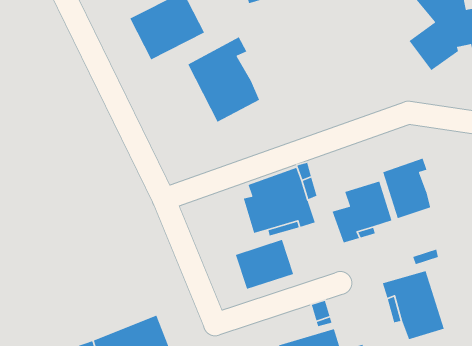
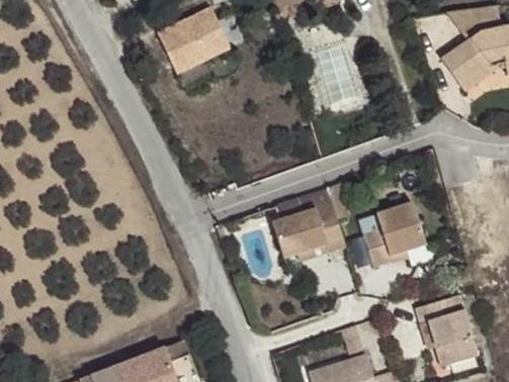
building: [187,36,260,123] -> none
building: [382,158,431,219] -> none
building: [235,239,294,290] -> none

